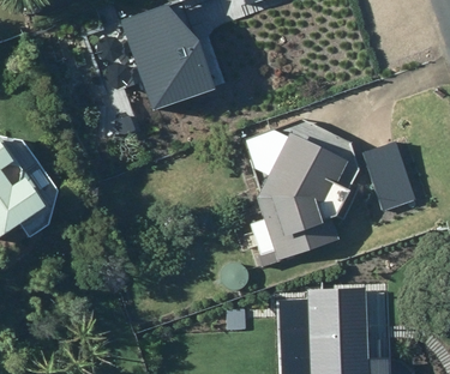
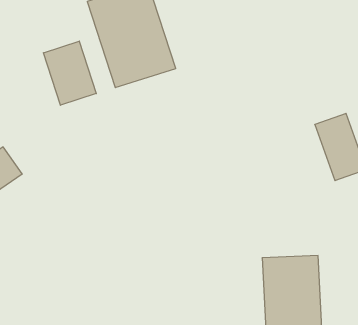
building: none -> [43,41,96,105]
building: [259,131,352,257] -> none

